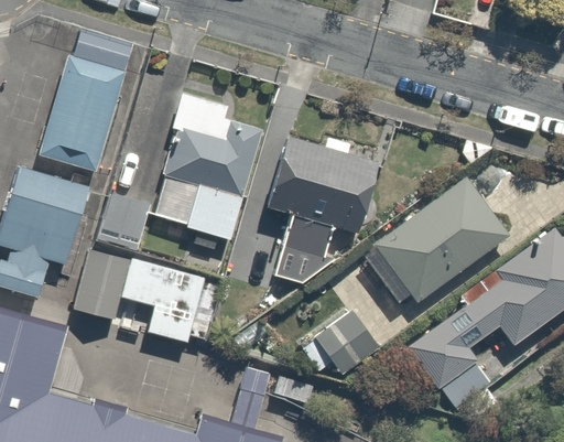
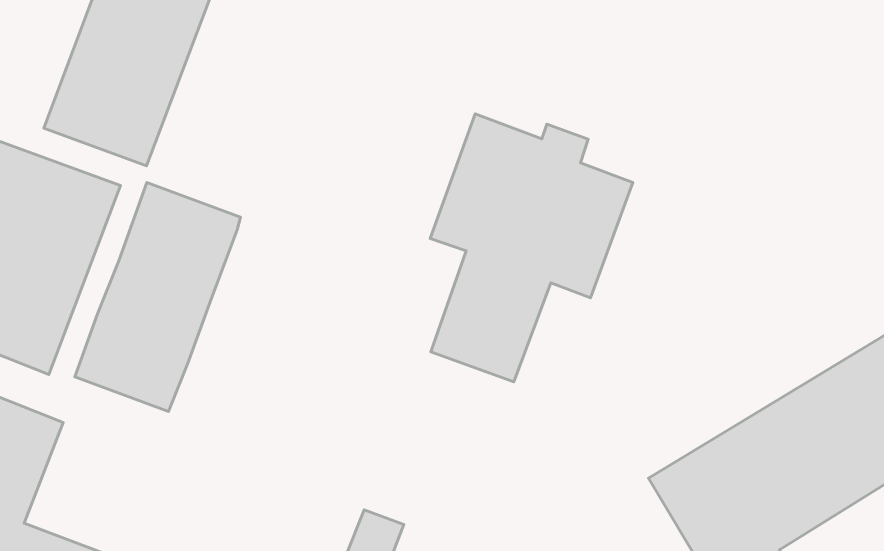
building: [154,94,261,236] -> none
building: [377,181,512,309] -> none
building: [132,258,227,345] -> none
building: [308,303,386,380] -> none

